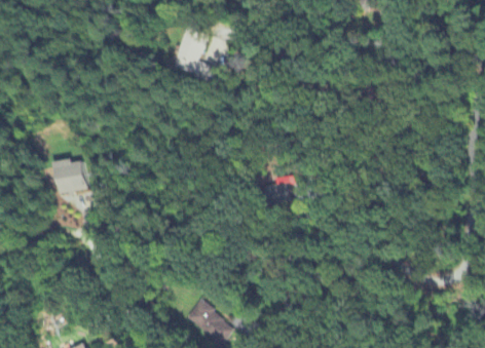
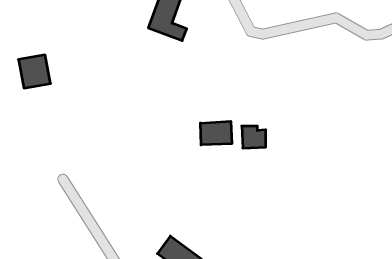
building: [50,157,86,194] -> [18,55,51,88]
building: none -> [200,121,232,145]

